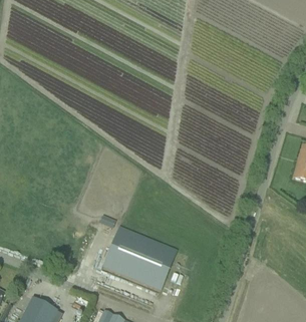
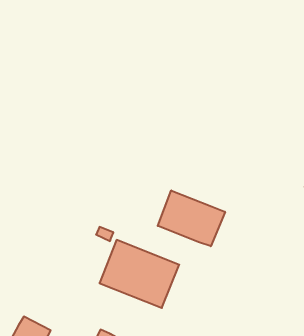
building: none -> [158,190,225,246]

